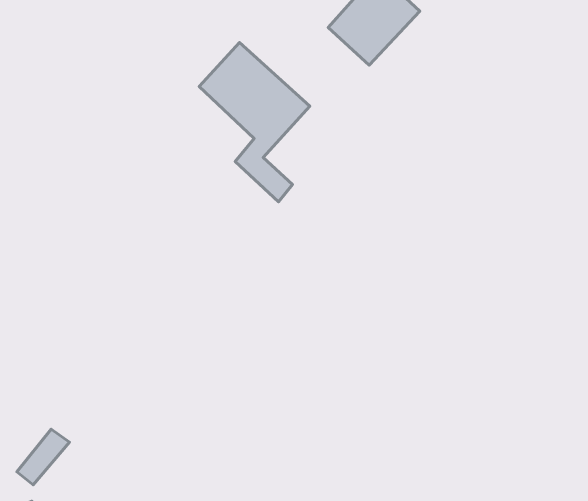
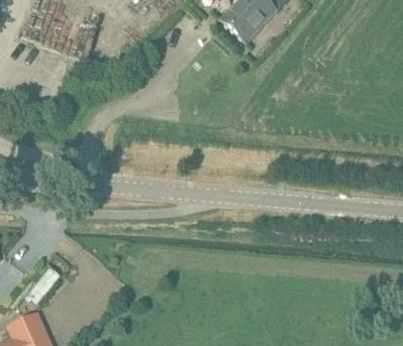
building: [199,43,310,202] -> none

